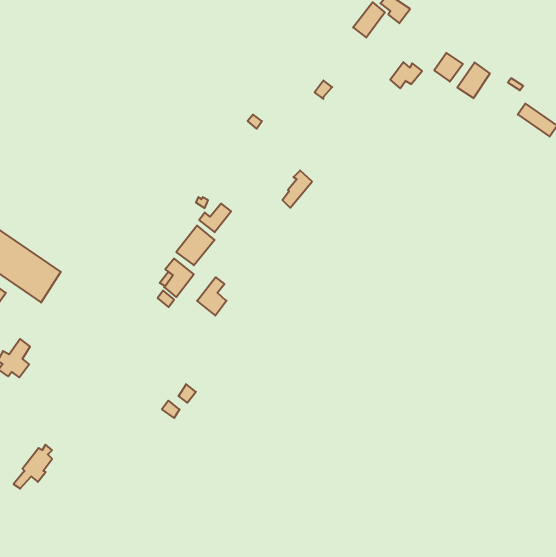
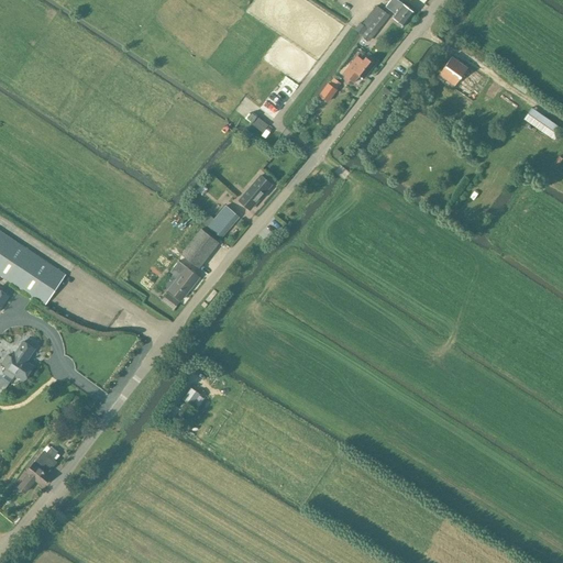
building: [390,62,422,88] -> [343,55,375,81]
building: [457,62,490,98] -> none
building: [282,170,312,208] -> [241,172,271,209]
building: [197,277,227,316] -> none

